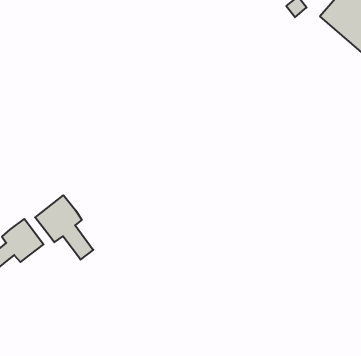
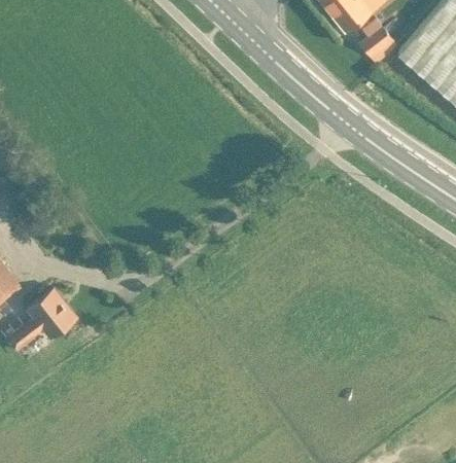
building: [35,195,93,260] -> none

